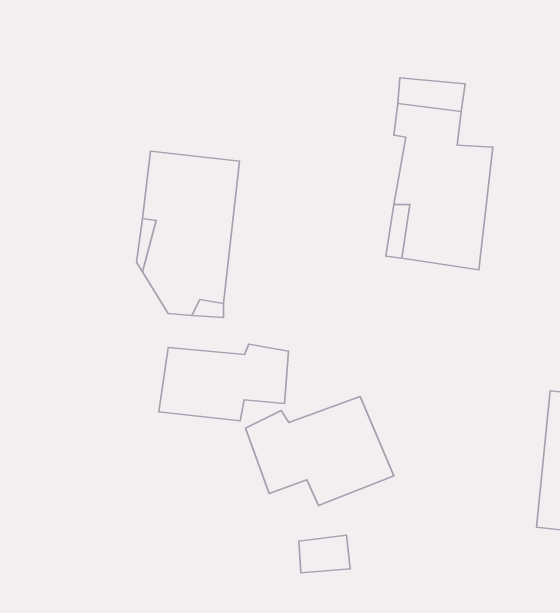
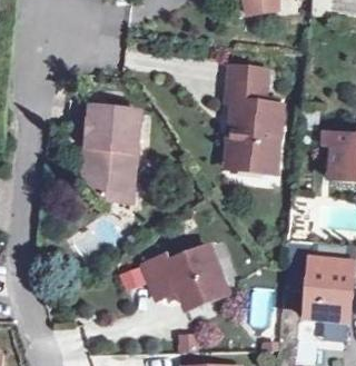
building: [159,344,288,421] -> none

